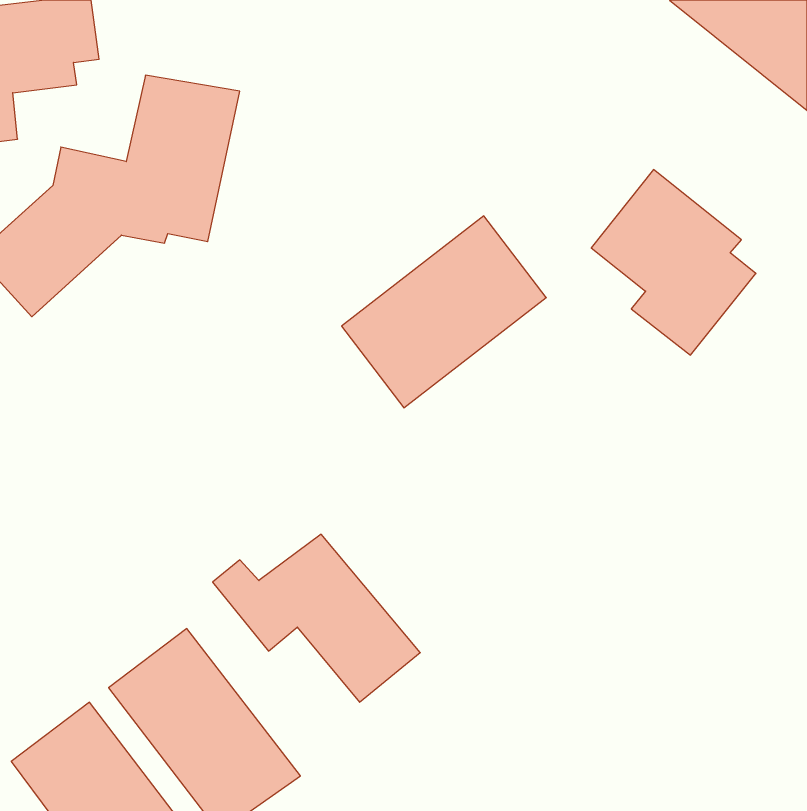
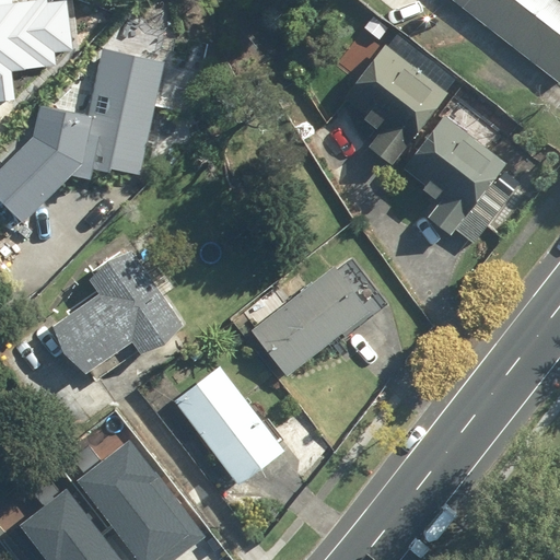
building: none -> [343,44,451,160]
building: [342,216,546,408] -> [244,246,384,377]
building: none -> [52,248,187,373]

